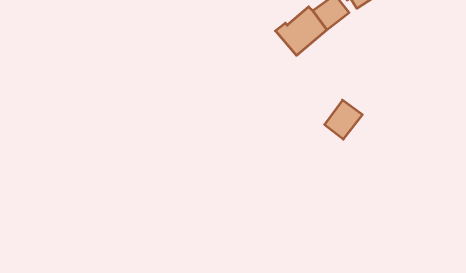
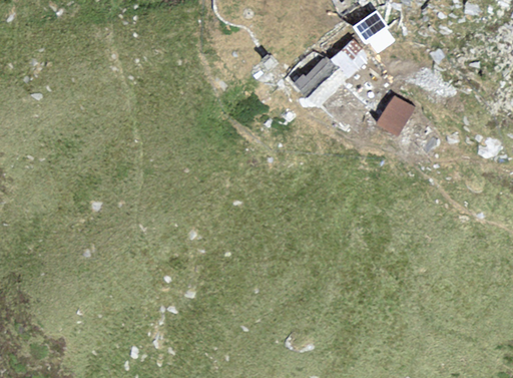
building: [325,100,362,139] -> [376,94,415,135]

